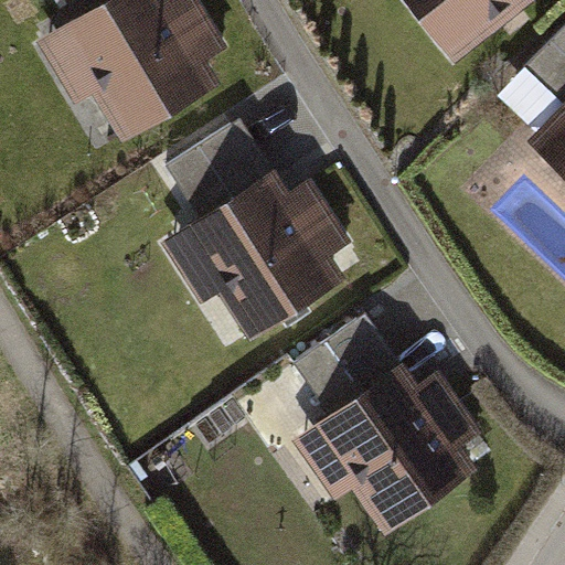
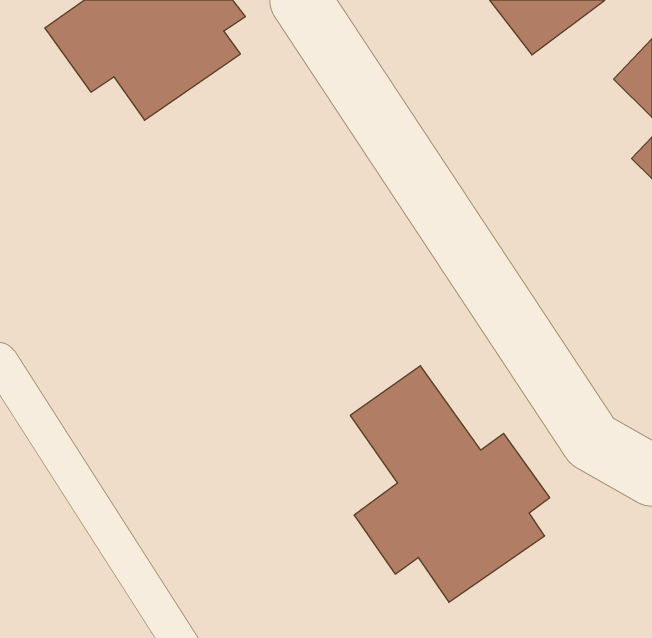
building: [164,125,337,316] -> none

